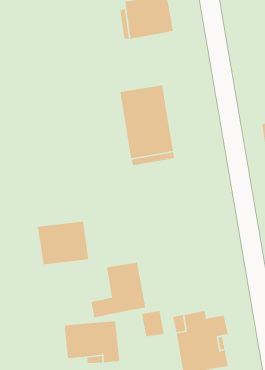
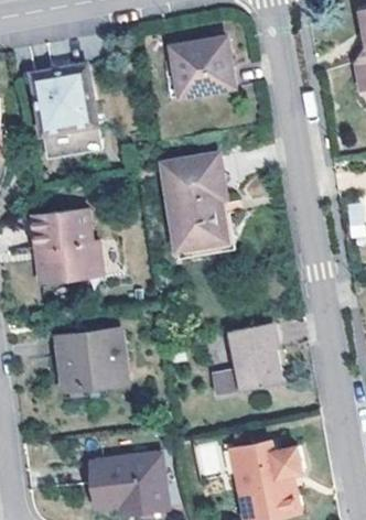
building: none -> [31,64,100,158]
building: none -> [33,209,104,284]
building: [91,262,146,318] -> [208,323,279,394]

